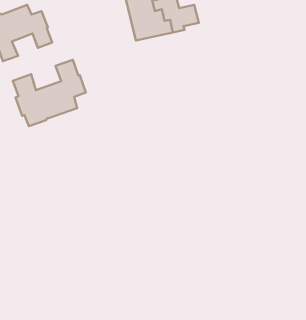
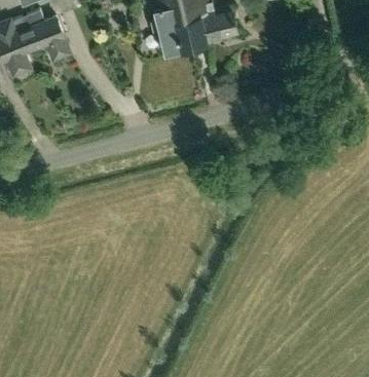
building: [13,60,86,126] -> none

